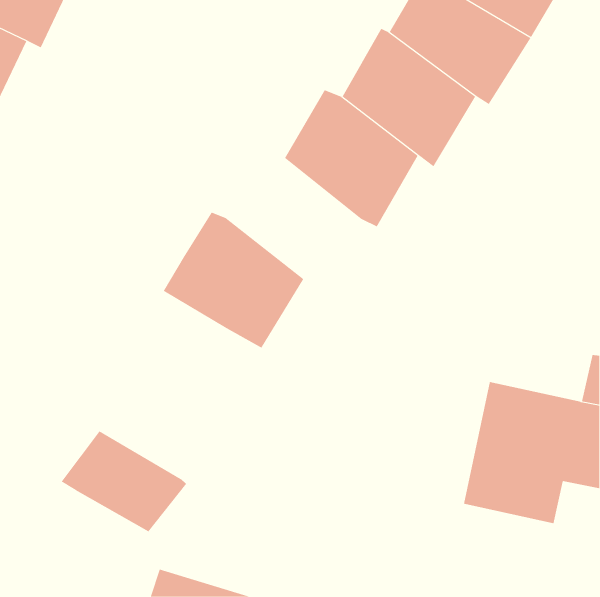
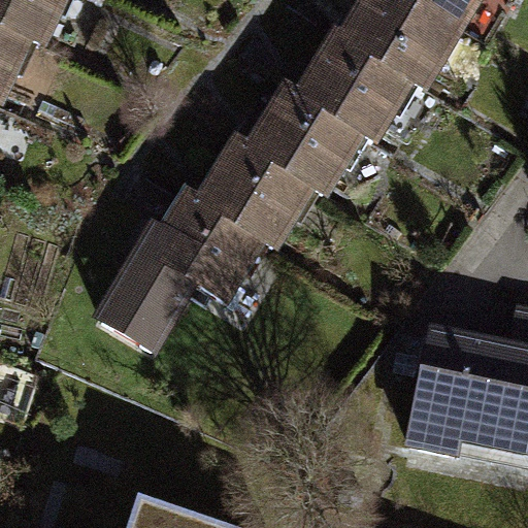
building: none -> [198,132,316,252]
building: none -> [92,218,198,356]
building: [61,430,187,532] -> none

